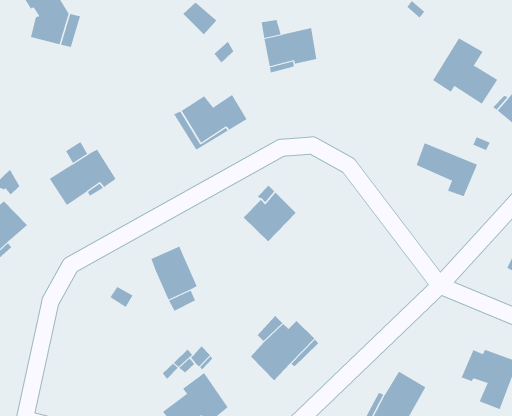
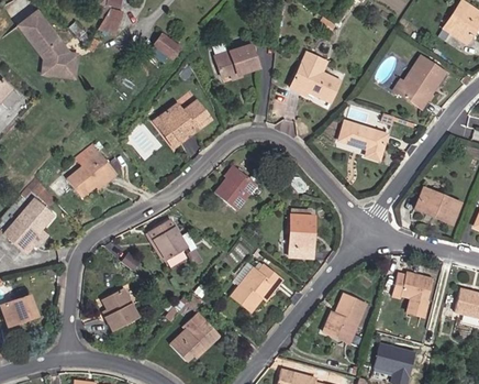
building: [432,37,498,105] -> [291,52,341,100]
building: none -> [289,213,314,256]
building: none -> [103,287,141,330]

